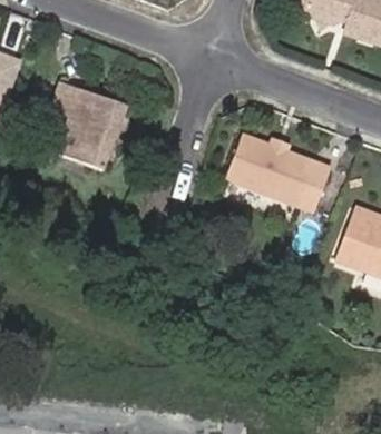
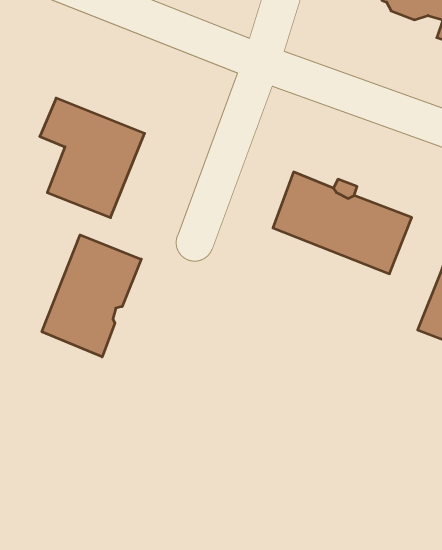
building: none -> [42,235,141,357]

